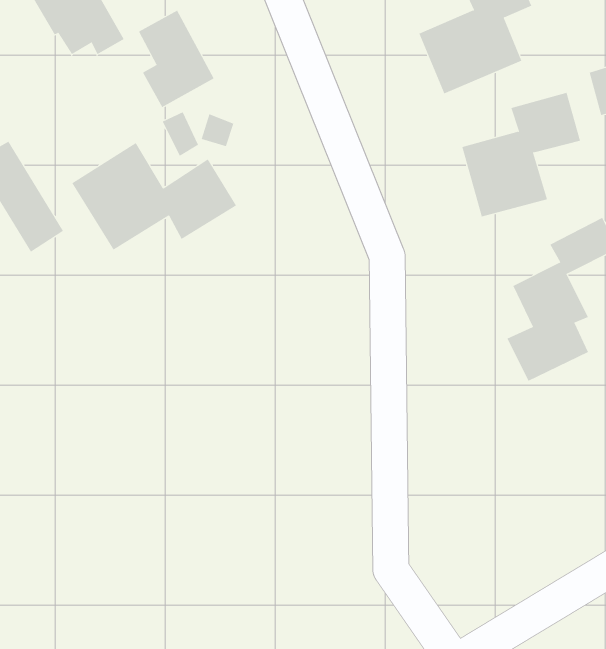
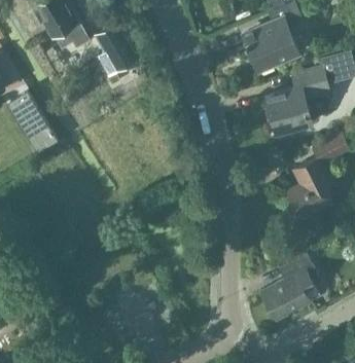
building: [72,142,237,250] -> none
building: none -> [260,254,318,320]

